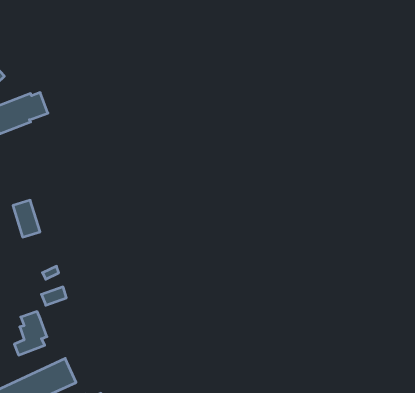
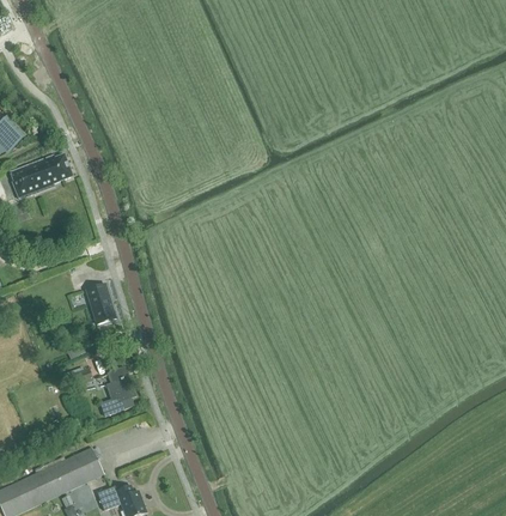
building: [13,200,40,237] -> [85,284,115,324]
building: [14,312,47,355] -> [99,368,135,415]

